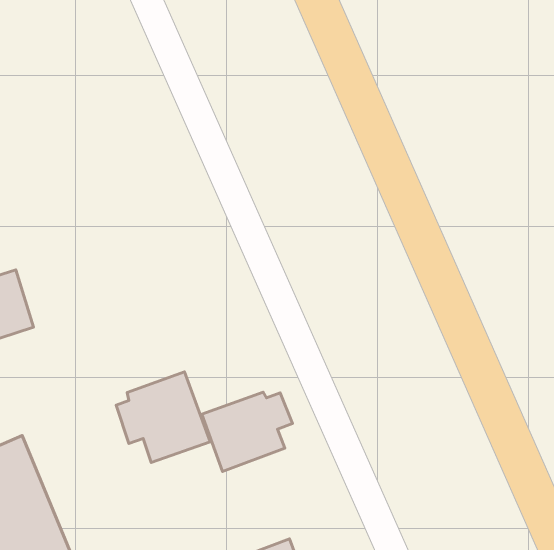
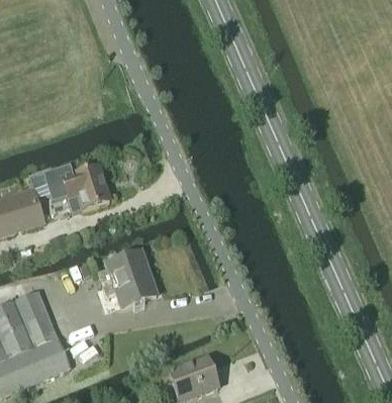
building: none -> [46,165,110,212]
building: [202,392,292,471] -> none

